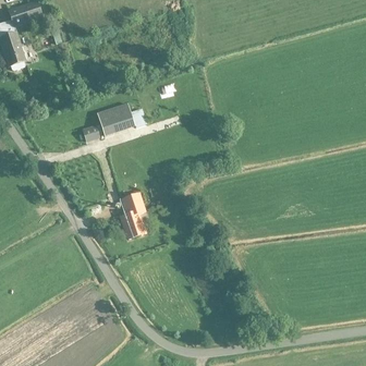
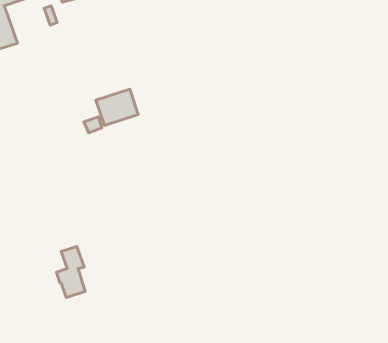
building: [119,192,145,237] -> [56,247,85,297]

